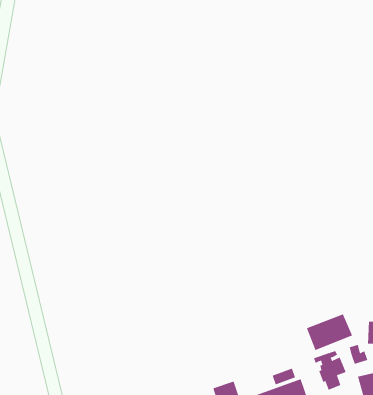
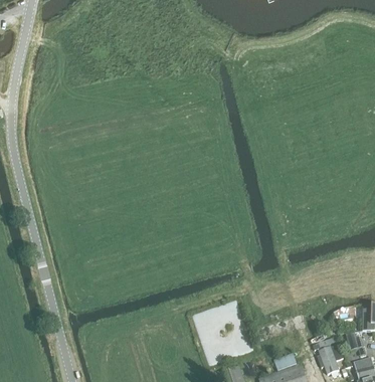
building: [306,314,353,351] -> none

